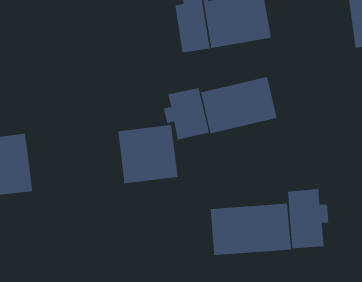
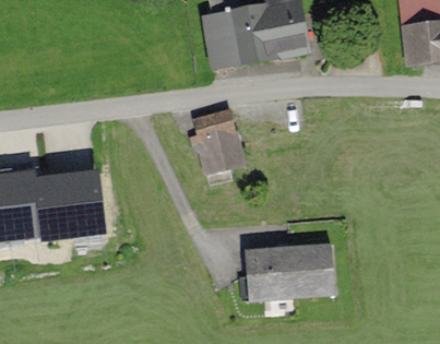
building: [201,76,277,134] -> none
building: [117,125,178,184] -> [33,166,103,234]
building: [287,188,329,249] -> none

